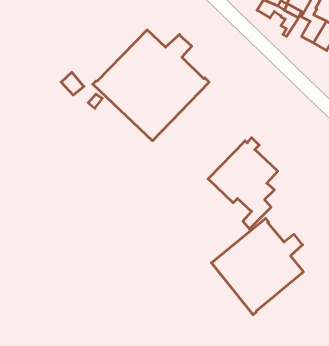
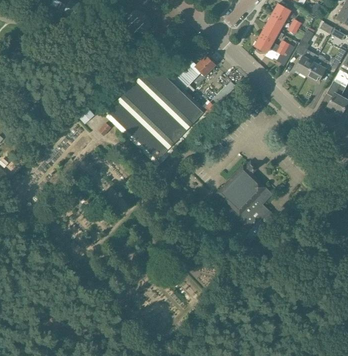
building: none -> [183,55,216,78]
building: [211,218,303,315] -> none

